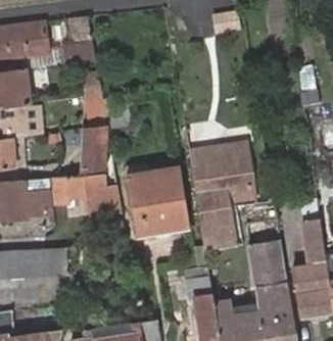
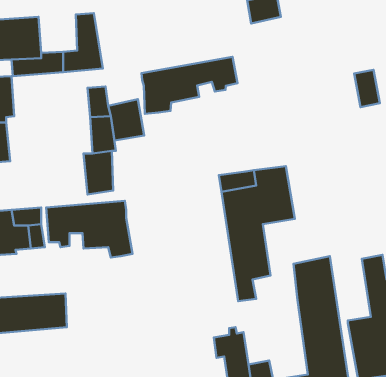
building: none -> [142,57,237,114]
building: [116,170,190,240] -> none

